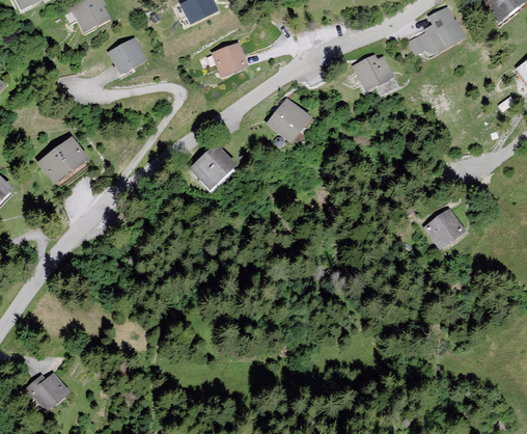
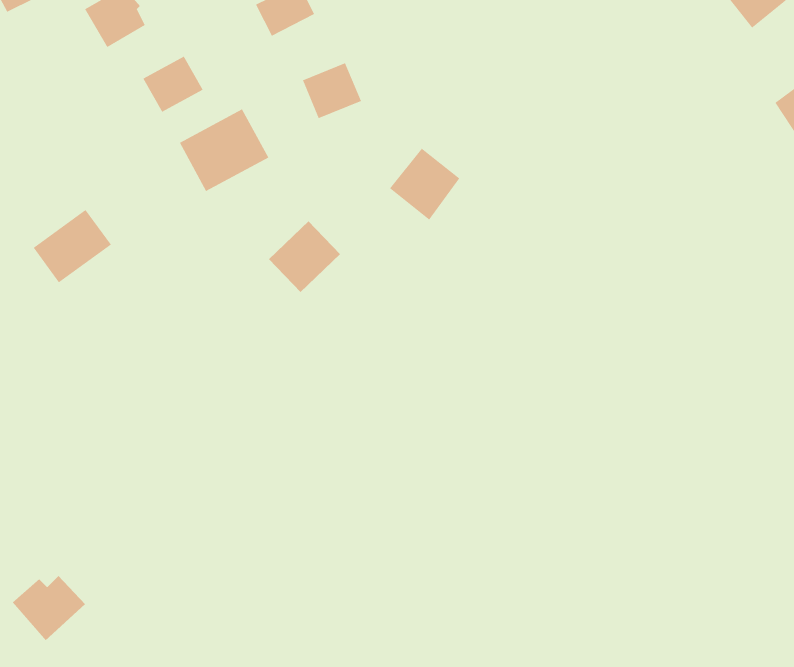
building: [407,7,464,56] -> none
building: [351,54,393,91] -> none
building: none -> [179,108,269,192]
building: [429,213,472,254] -> none

